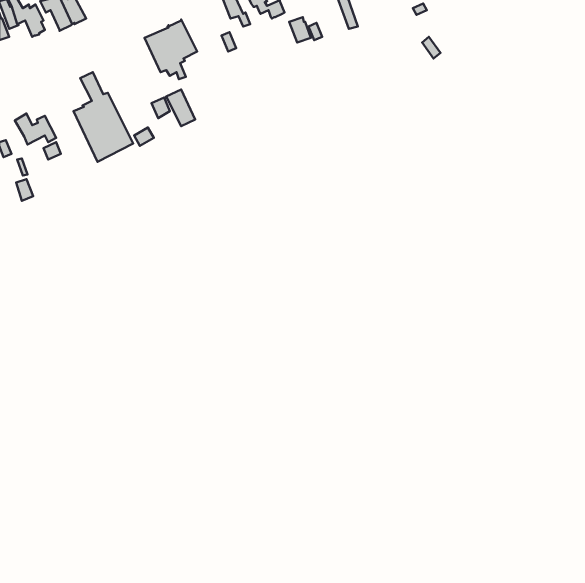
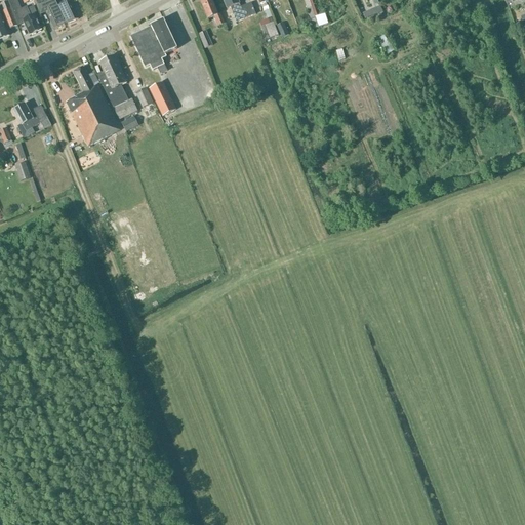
building: none -> [98,53,136,117]

